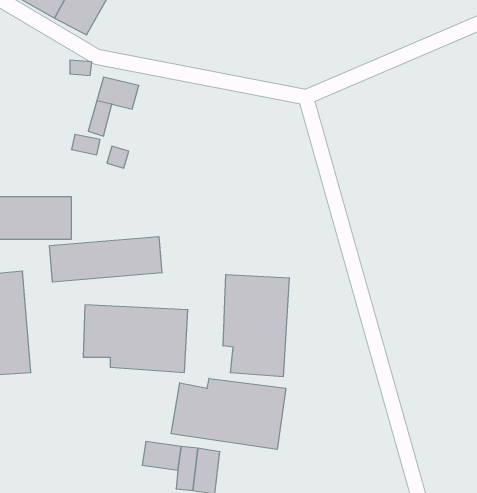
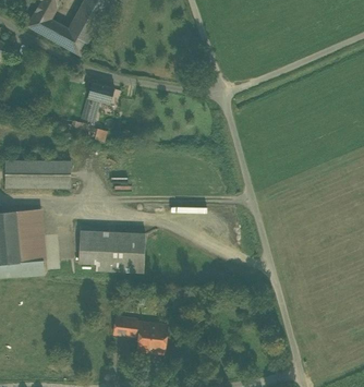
building: [50,237,162,282] -> none
building: [223,274,289,377] -> none
building: [171,378,286,449] -> none

